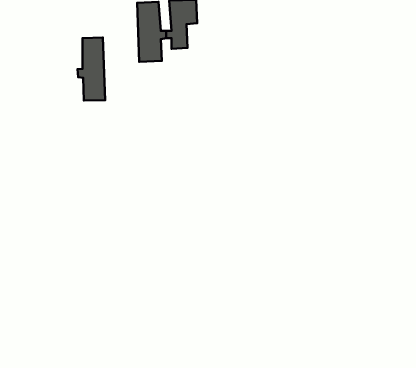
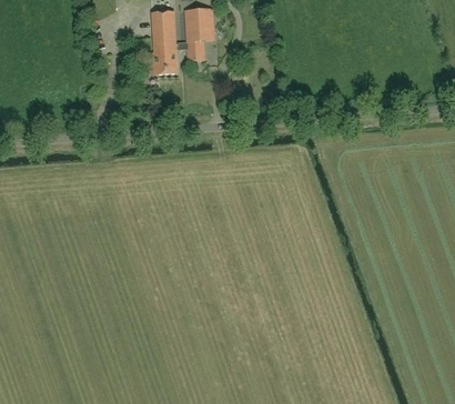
building: [78,38,105,101] -> none

